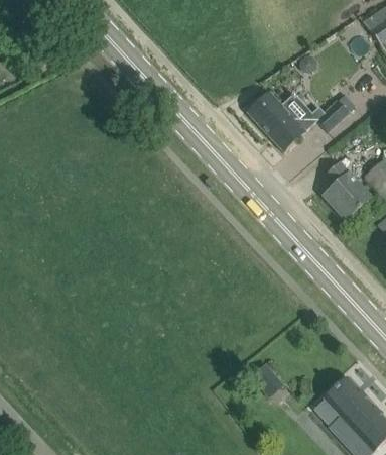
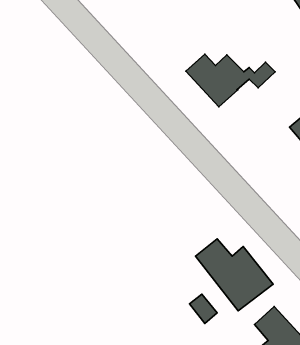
building: [321,162,370,221] -> none
building: none -> [195,239,273,311]

